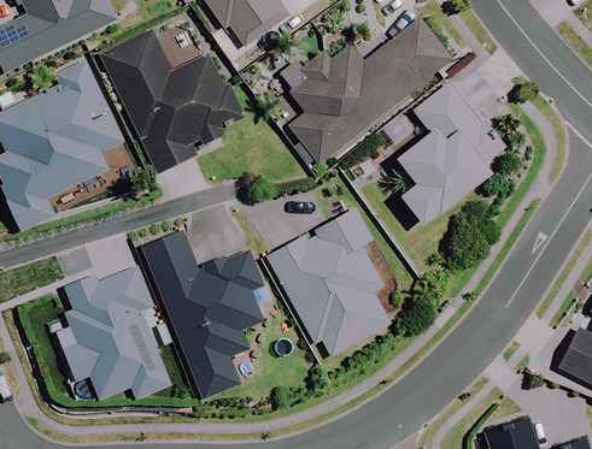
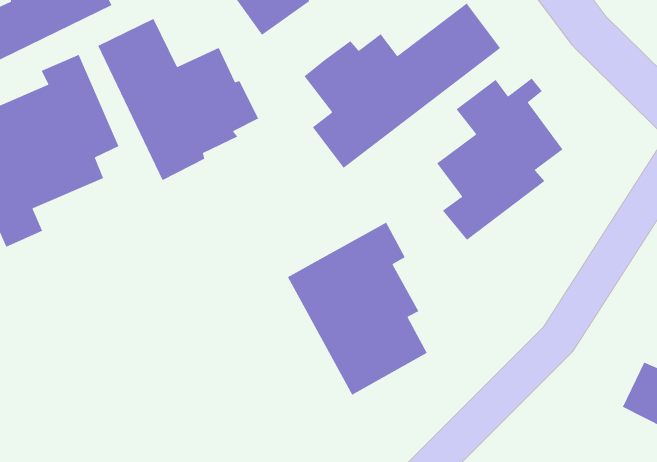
building: [142,231,262,398] -> none
building: [58,267,170,398] -> none

